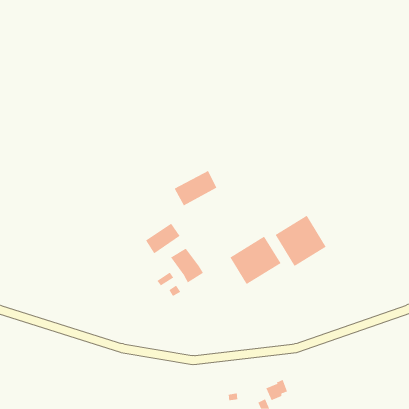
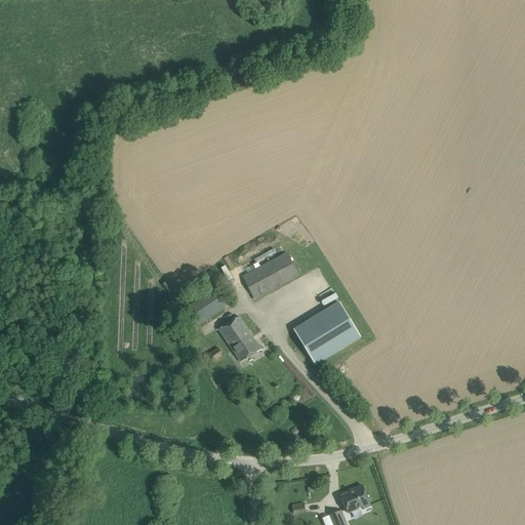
building: [174,170,217,206] -> [242,252,297,298]
building: [275,215,326,267] -> none

